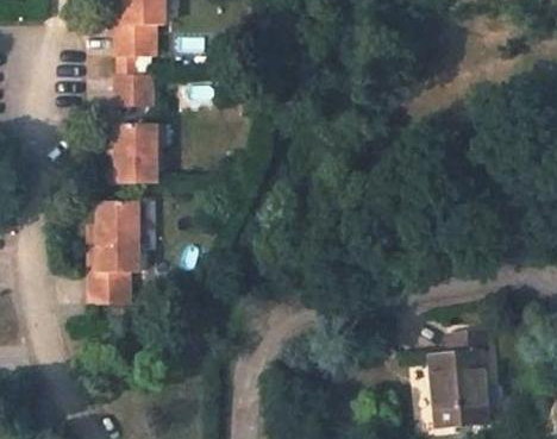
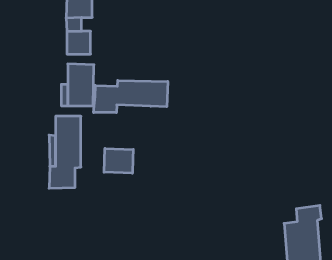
building: none -> [94,80,168,113]
building: none -> [104,148,133,173]

